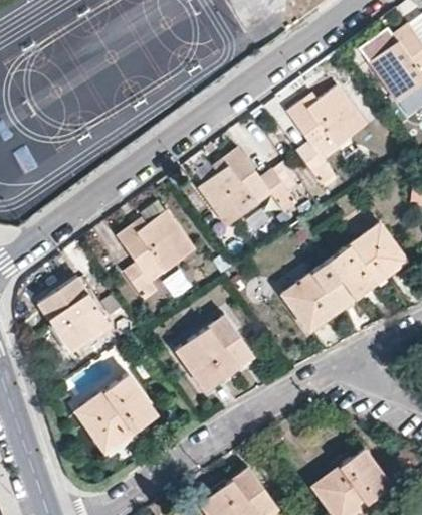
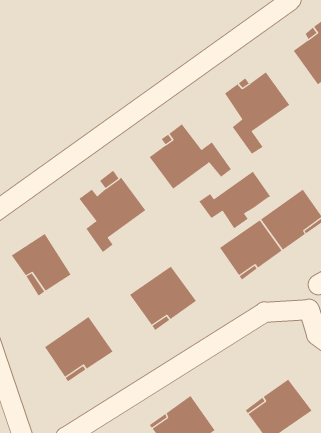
building: none -> [198,171,271,229]

